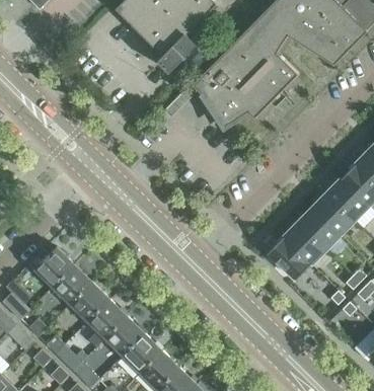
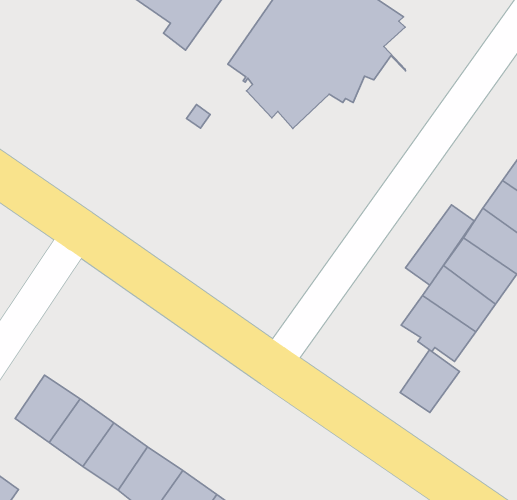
building: none -> [406,205,474,285]
building: none -> [400,350,459,413]

